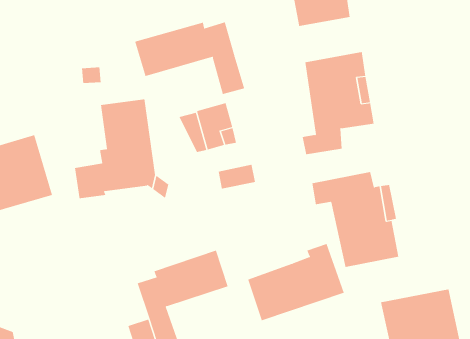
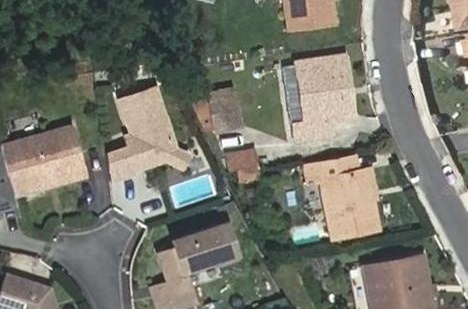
building: [135,22,245,95] -> none
building: [247,243,344,321] -> none

